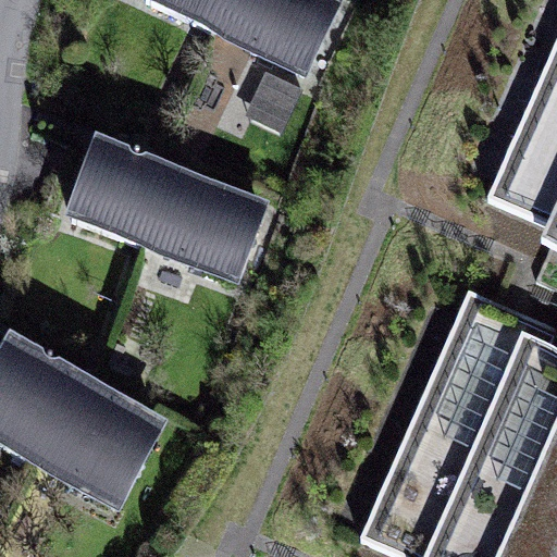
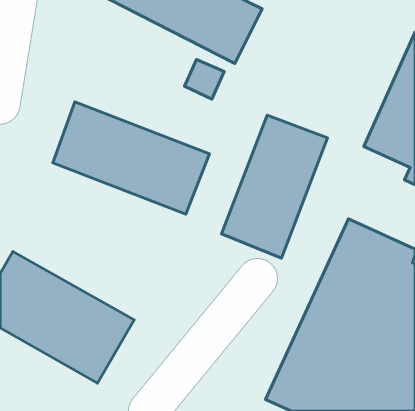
building: none -> [221,115,328,258]

